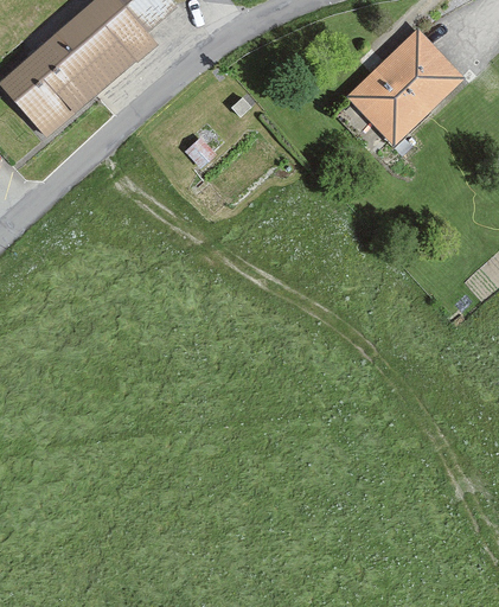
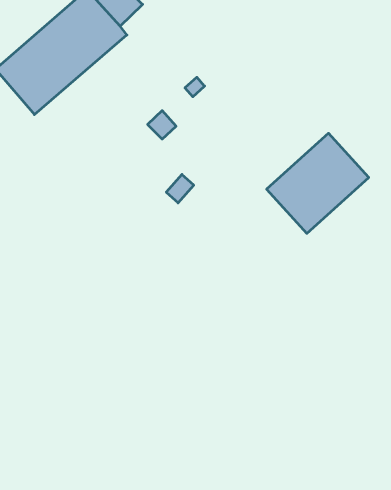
building: [344,25,467,146] -> [267,133,369,233]

